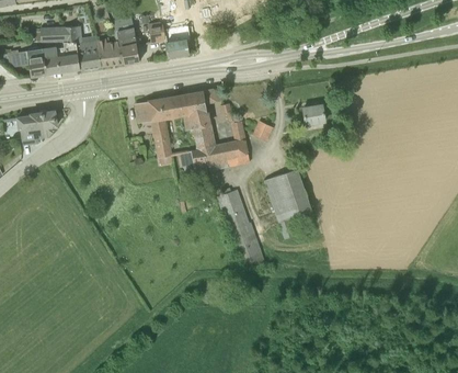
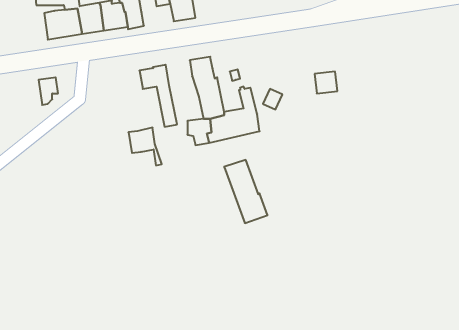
building: [8,48,47,76] -> none
building: [160,93,192,129] -> [128,128,162,165]
building: [16,112,42,144] -> none
building: [274,168,311,218] -> none

